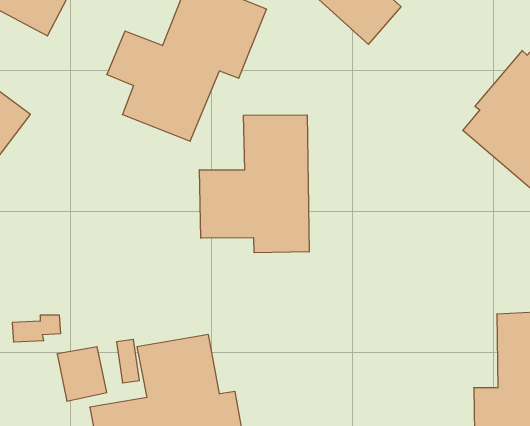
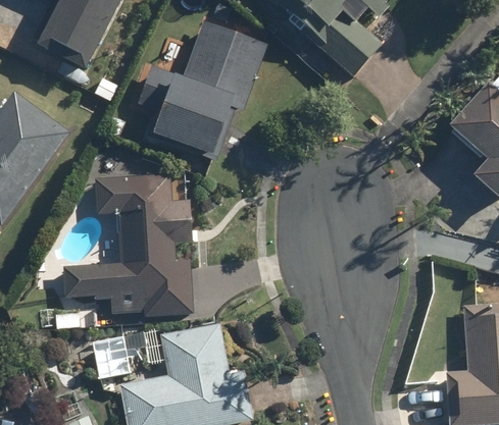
building: [199,115,309,253] -> none
building: none -> [64,174,192,317]

